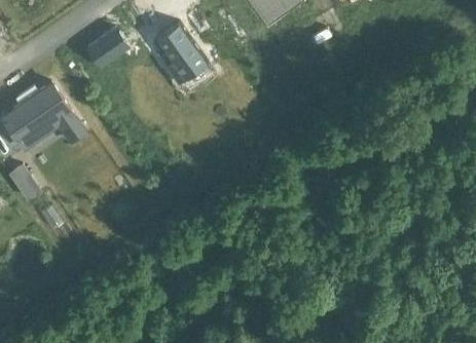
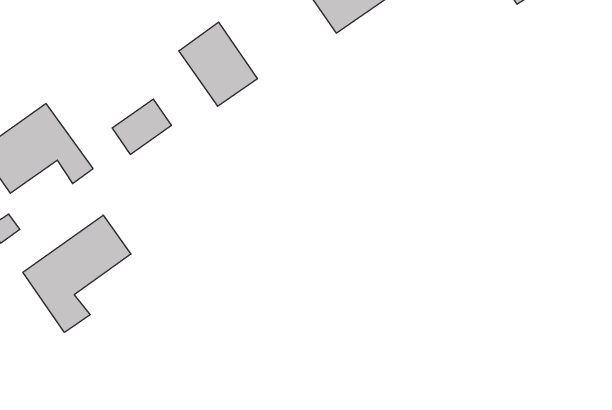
building: [85,27,130,68] -> [112,99,171,154]
building: none -> [23,215,131,332]

